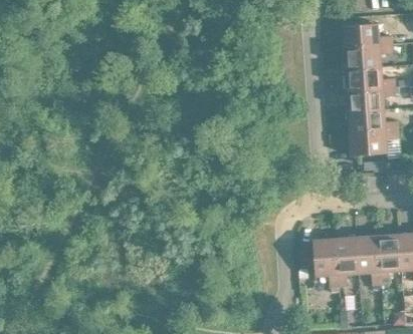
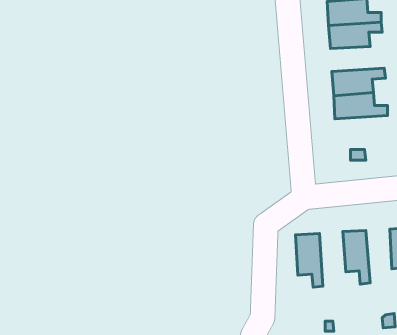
building: [346,66,395,89] -> none
building: [350,129,399,154] -> none
building: [378,234,402,283] -> none
building: [336,236,360,286] -> none

